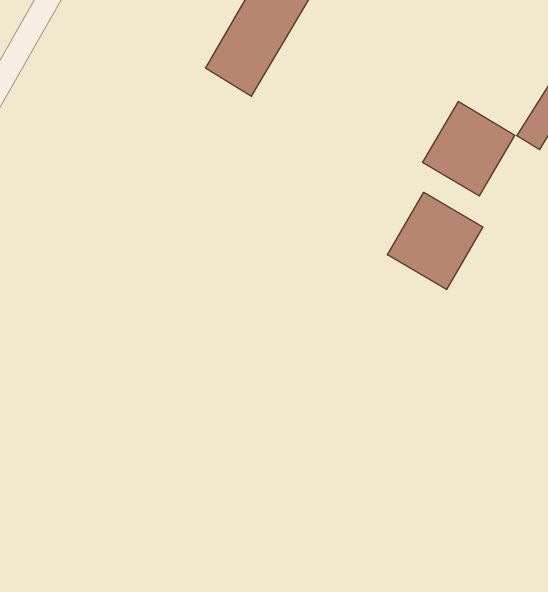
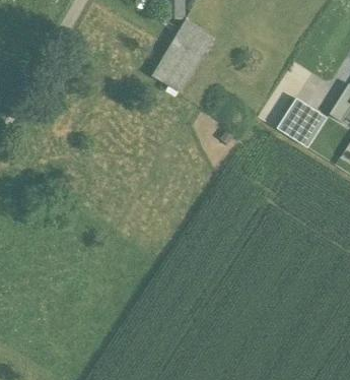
building: [387,192,483,290] -> none

